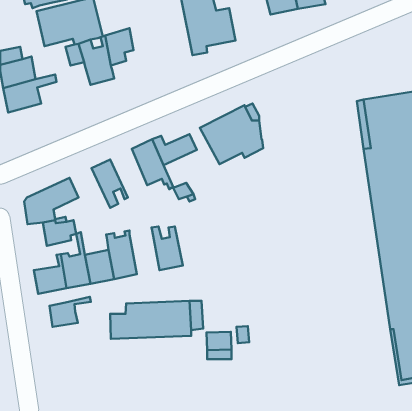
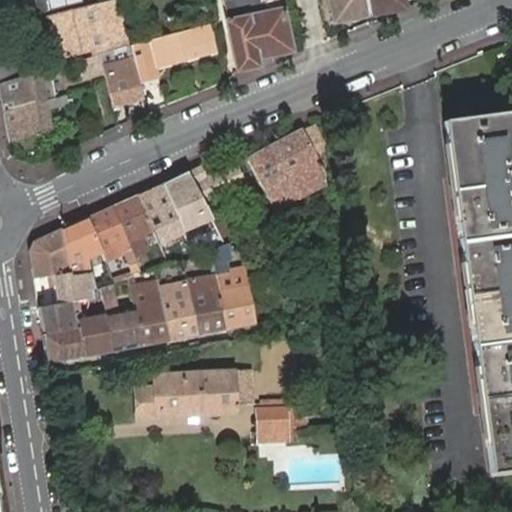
building: none -> [162,21,212,62]
building: none -> [138,184,185,244]
building: none -> [88,208,135,263]
building: none -> [211,247,258,328]
building: none -> [162,285,199,339]
building: [49,297,91,327] -> [40,297,91,334]

